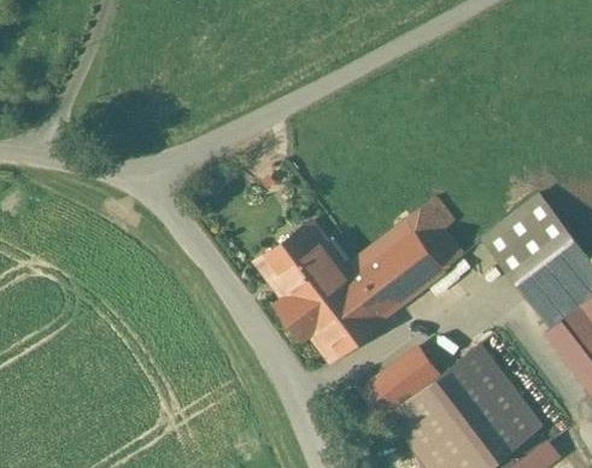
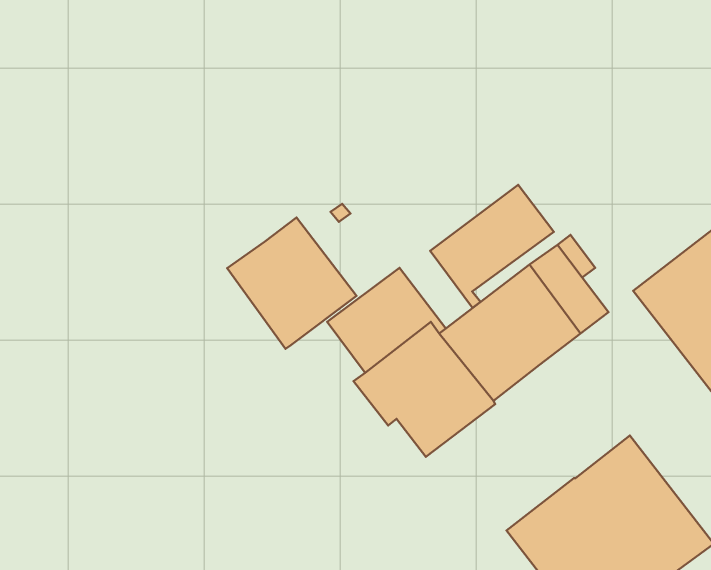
building: none -> [430,185,554,308]
building: none -> [227,217,357,349]
building: [362,347,440,419] -> none

